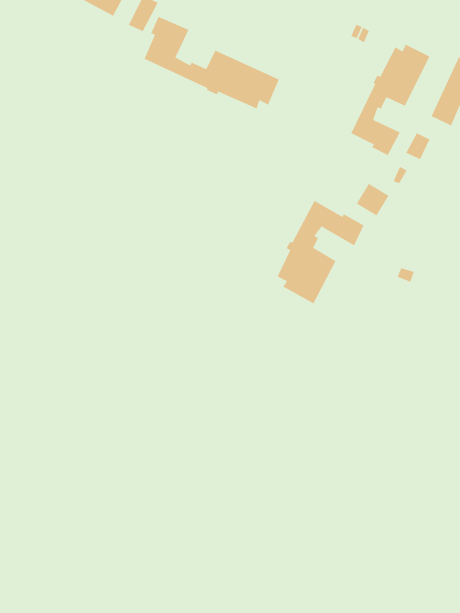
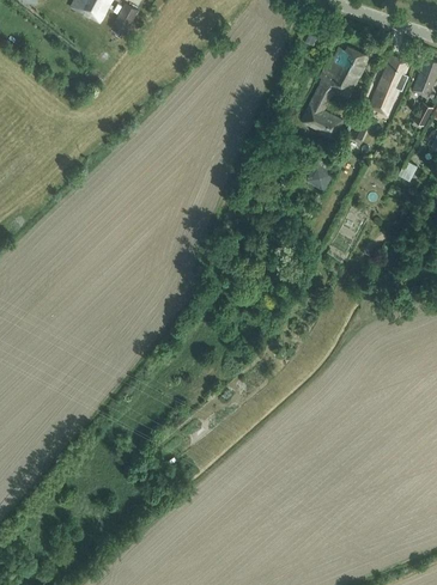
building: [144,16,280,109] -> none
building: [277,200,365,305] -> none

